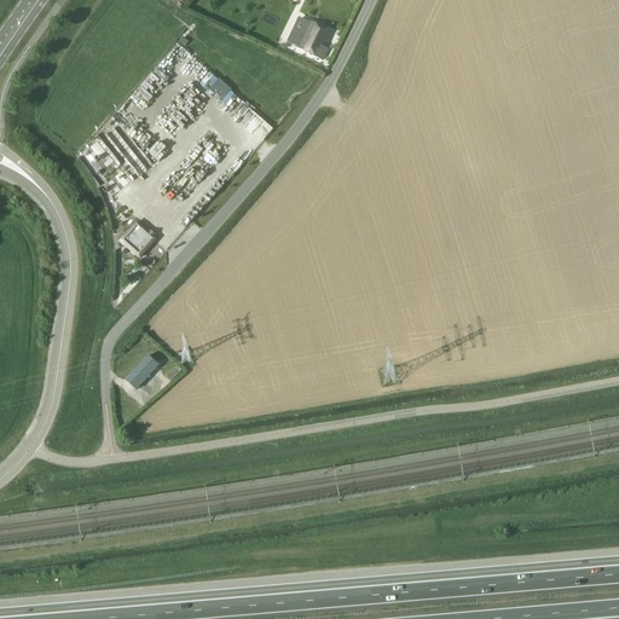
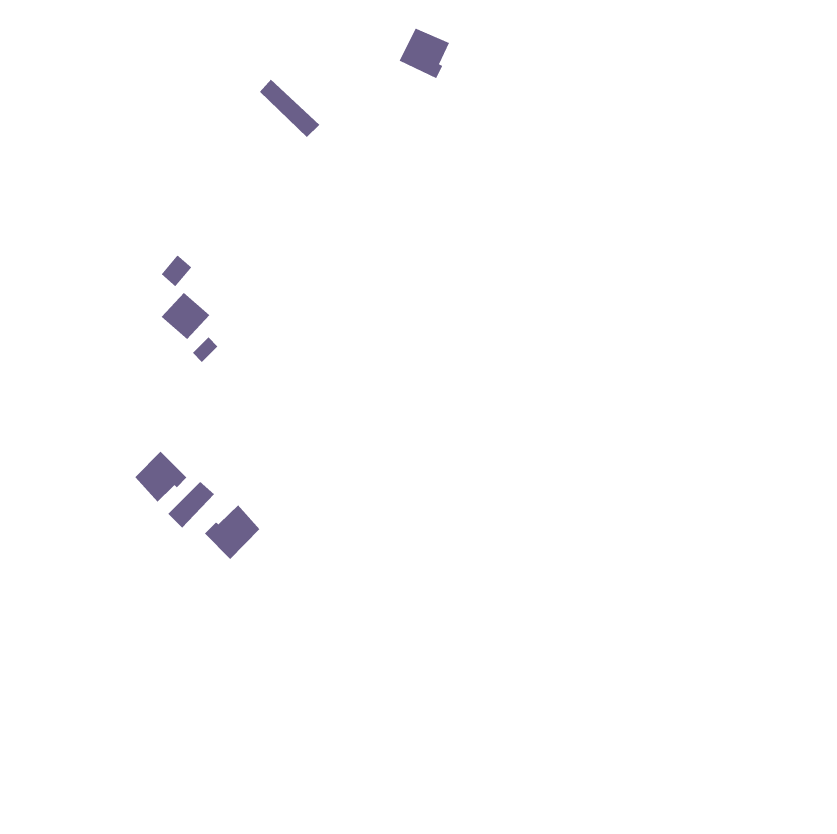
building: none -> [135,451,187,503]
building: none -> [204,504,260,560]

